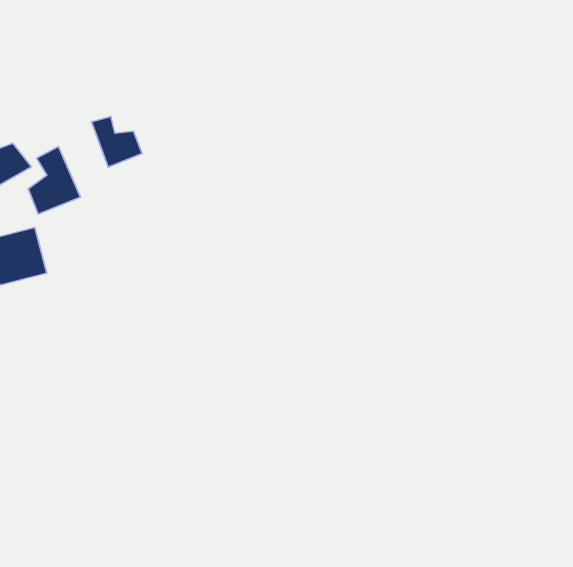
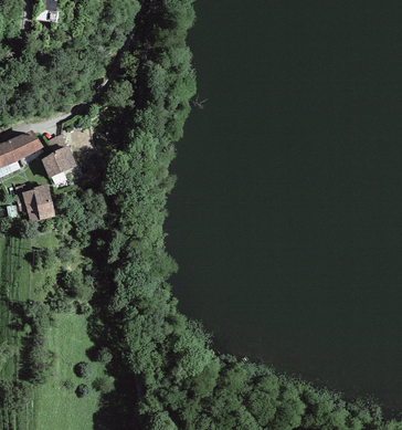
building: [91,117,142,167] -> none

